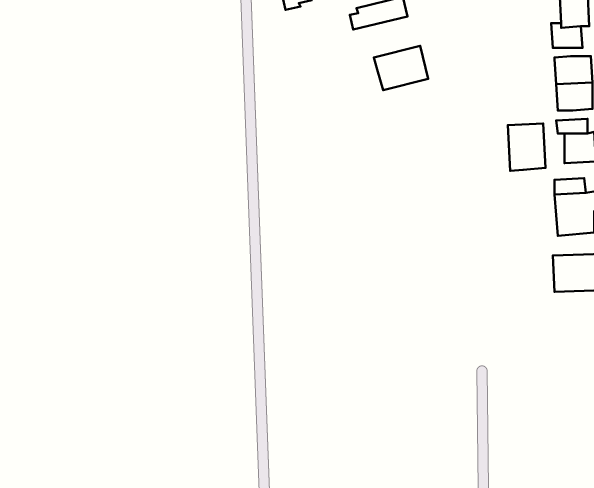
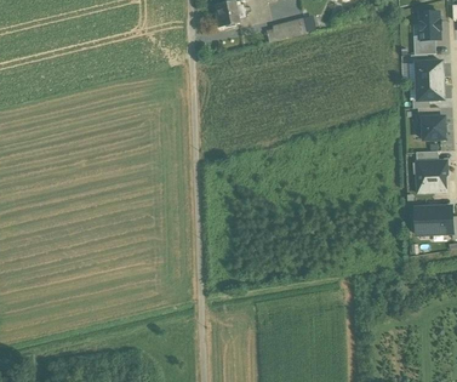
building: [374,46,428,90] -> none
building: [508,124,545,171] -> none

